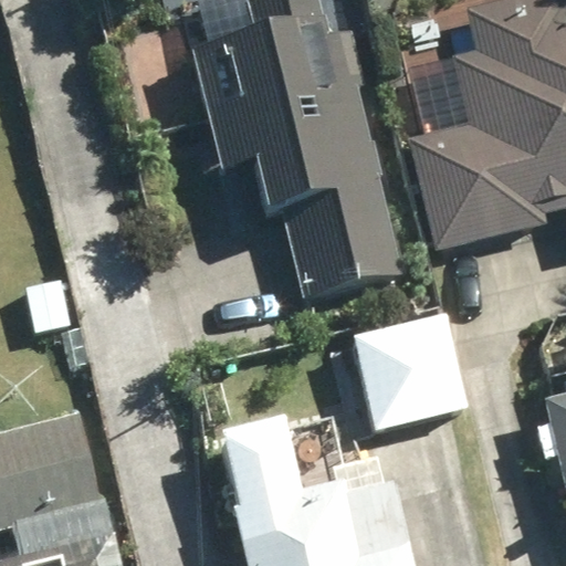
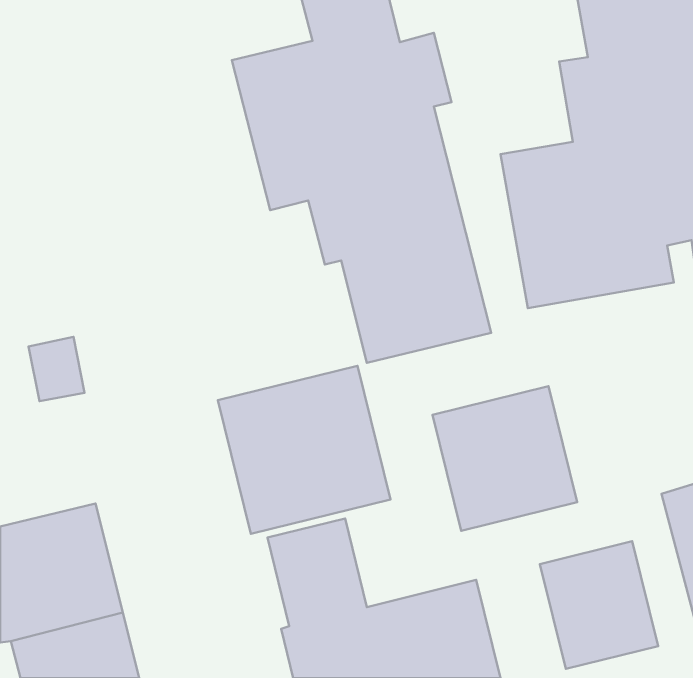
building: none -> [218,366,390,534]
building: none -> [540,541,658,669]

